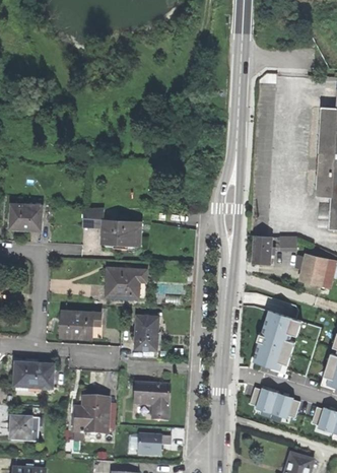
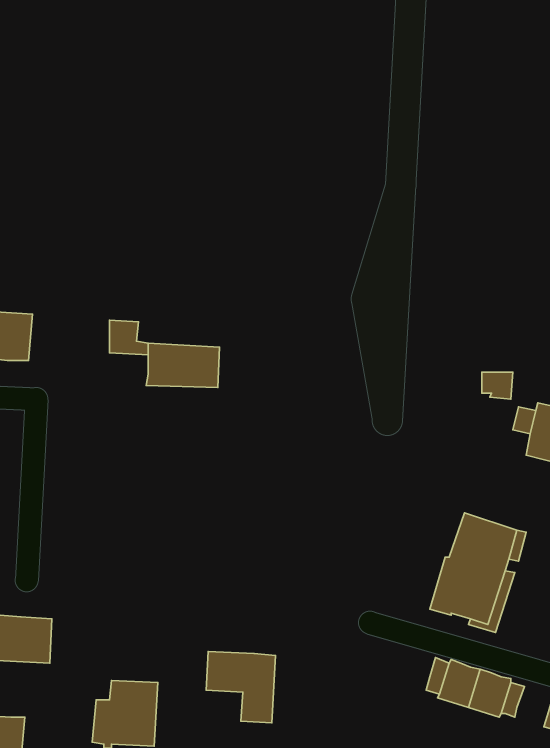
building: [252,235,270,263] -> none
building: [106,267,145,297] -> none
building: [61,312,103,339] -> none
building: [134,315,157,349] -> none

